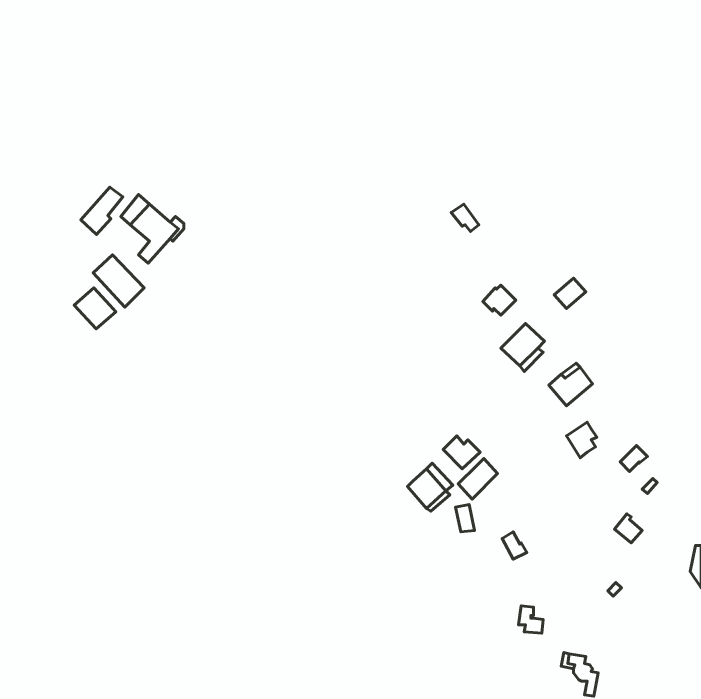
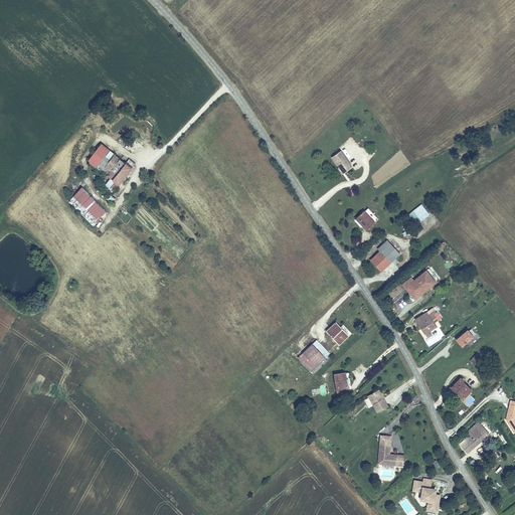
building: [81,187,123,234] -> none
building: [74,288,116,329] -> none
building: [458,458,498,499] -> none
building: none -> [459,425,489,457]

